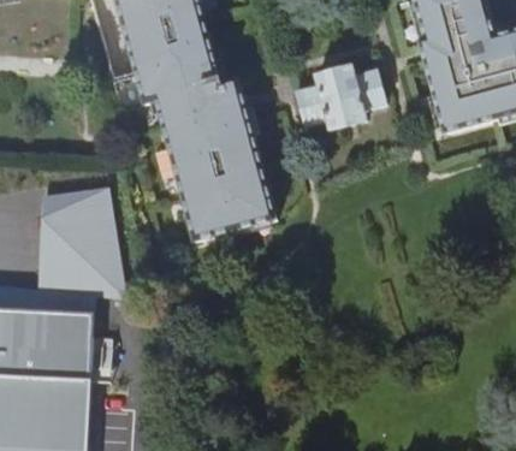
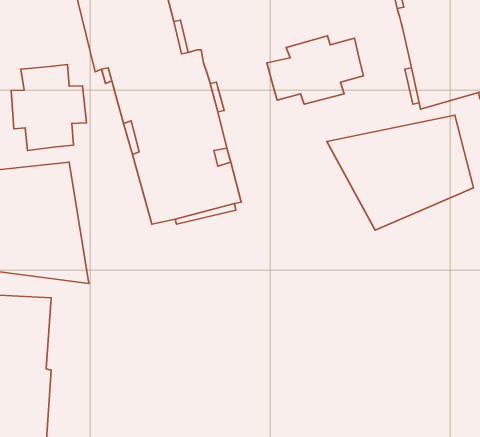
building: none -> [11,65,86,151]
building: none -> [327,115,473,230]

